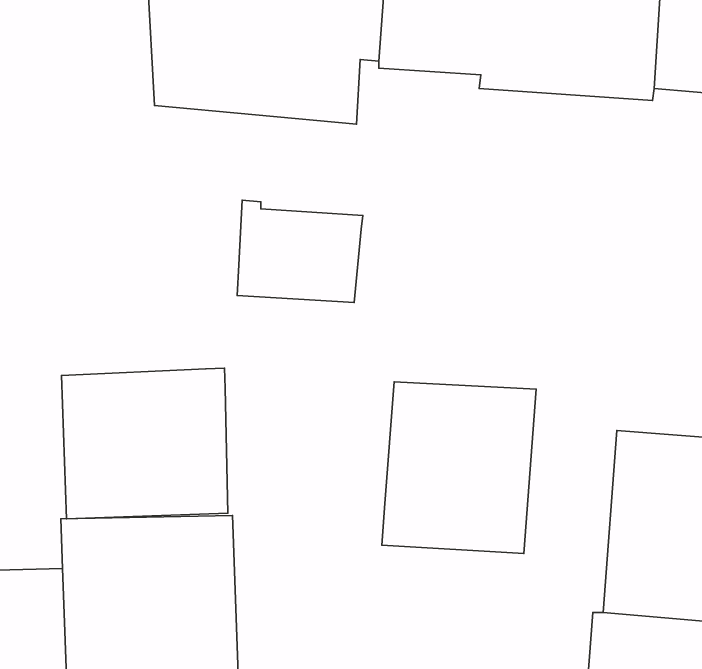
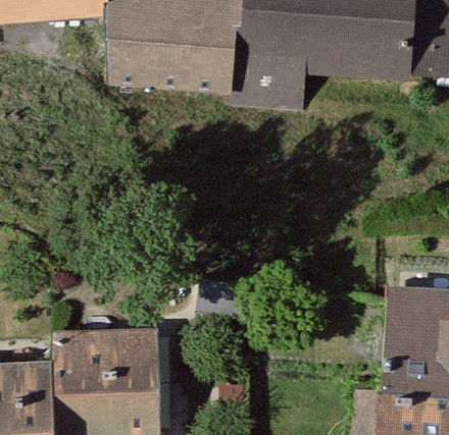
building: [237,200,363,302] -> [231,55,306,116]
building: [62,368,228,519] -> none
building: [382,382,536,554] -> none

